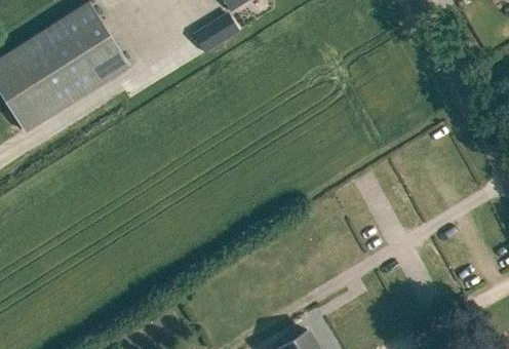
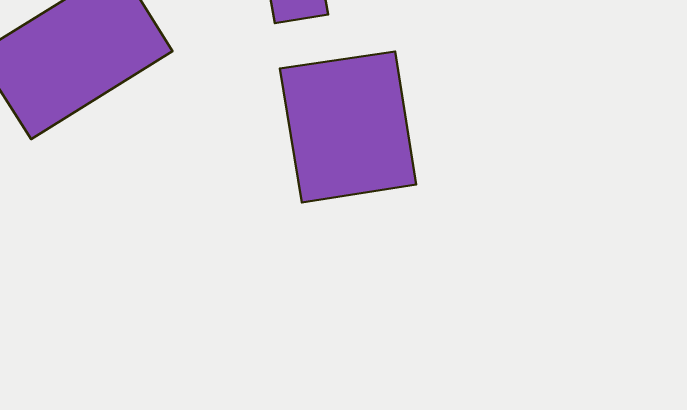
building: none -> [280,51,416,202]

